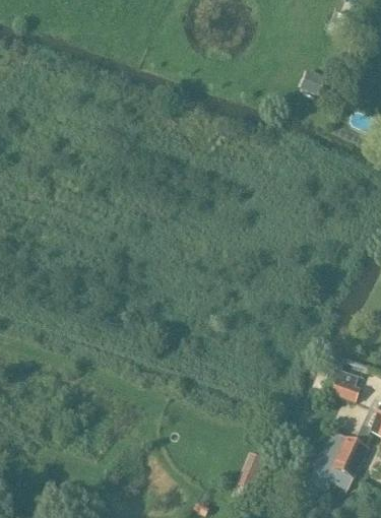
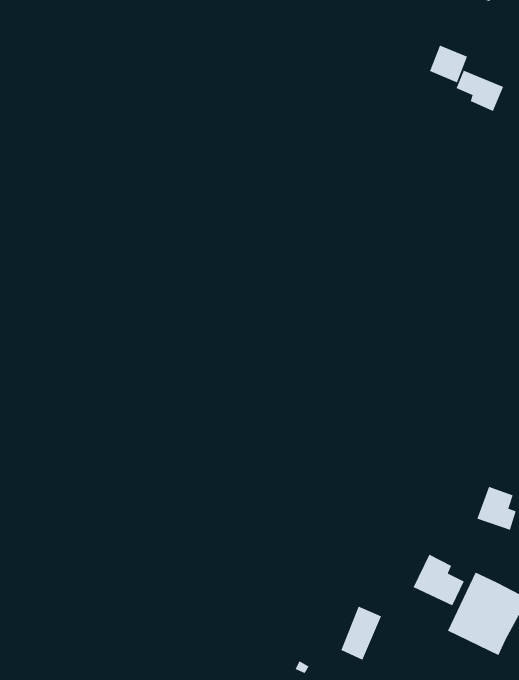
building: none -> [456,70,504,112]
building: none -> [413,554,464,606]

